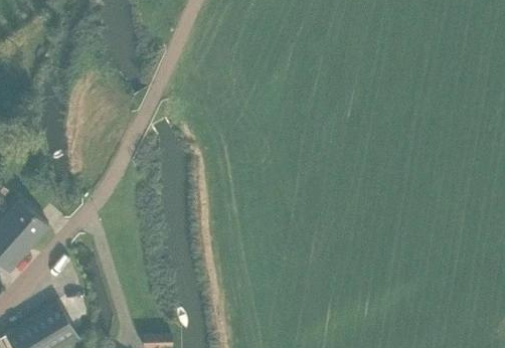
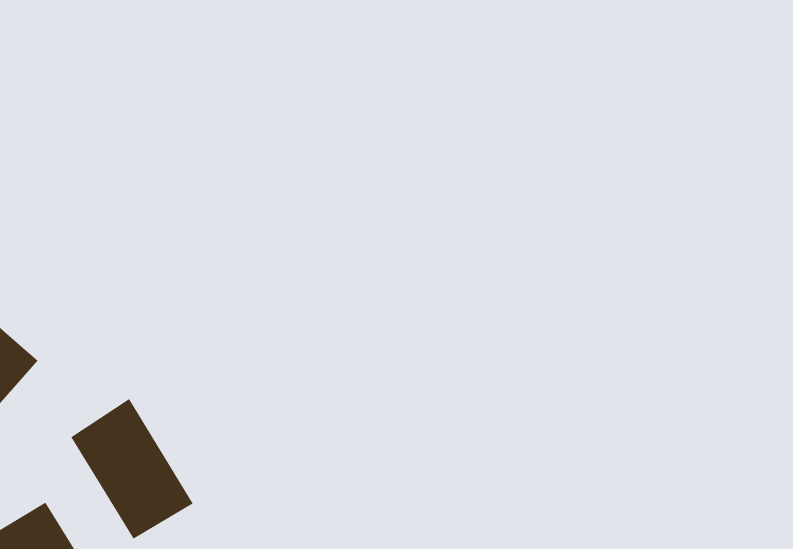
building: none -> [70,398,193,540]

